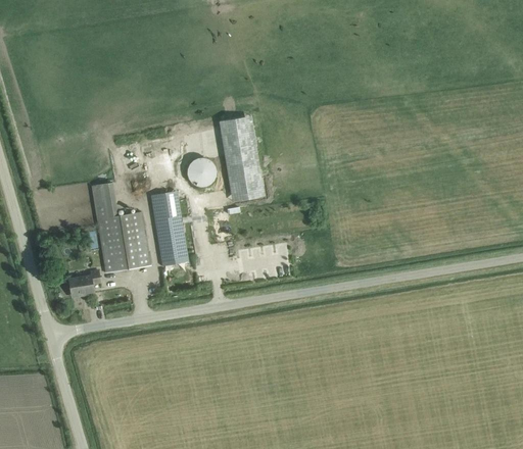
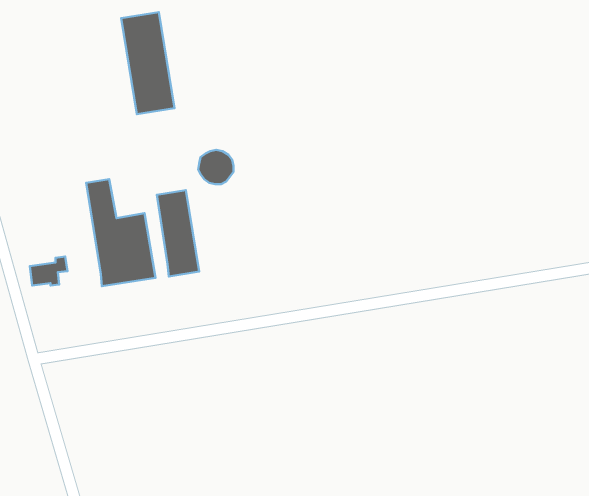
building: [219,115,264,201] -> [121,12,175,114]
building: [67,270,99,295] -> [30,256,68,286]

